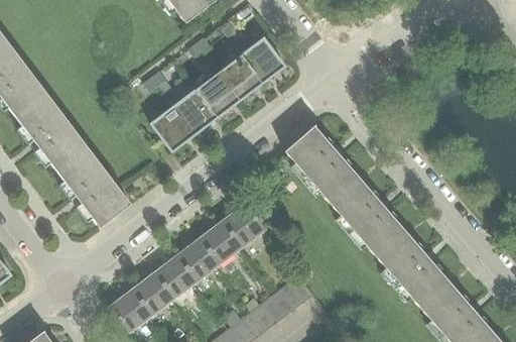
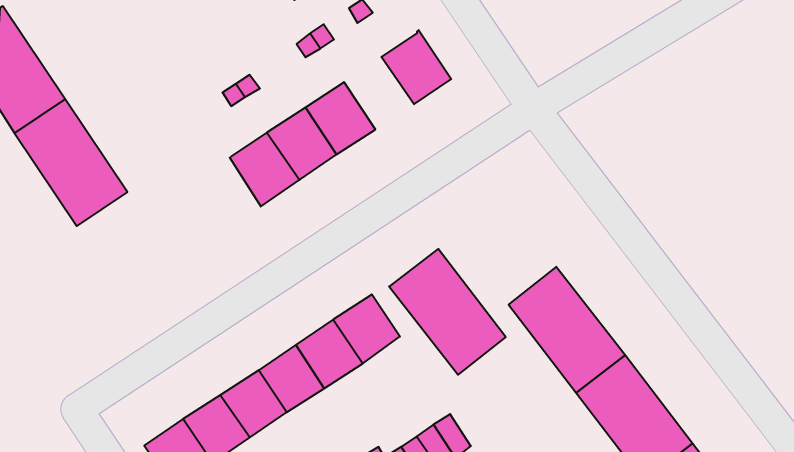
building: [221,54,265,100] -> none
building: [285,126,360,204] -> [389,249,506,375]
building: [59,148,132,227] -> none

